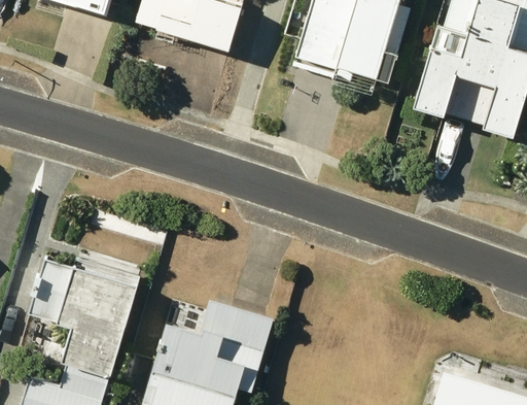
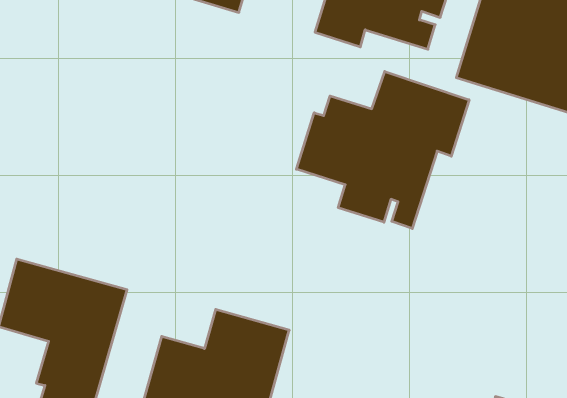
building: none -> [296,71,469,229]

